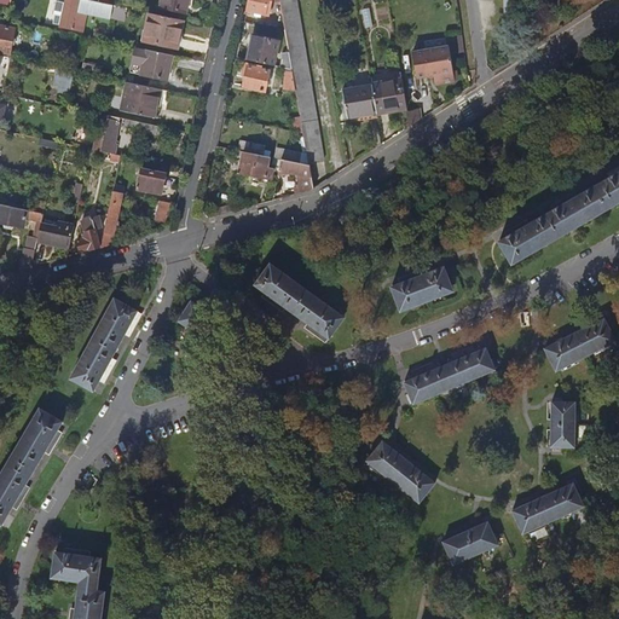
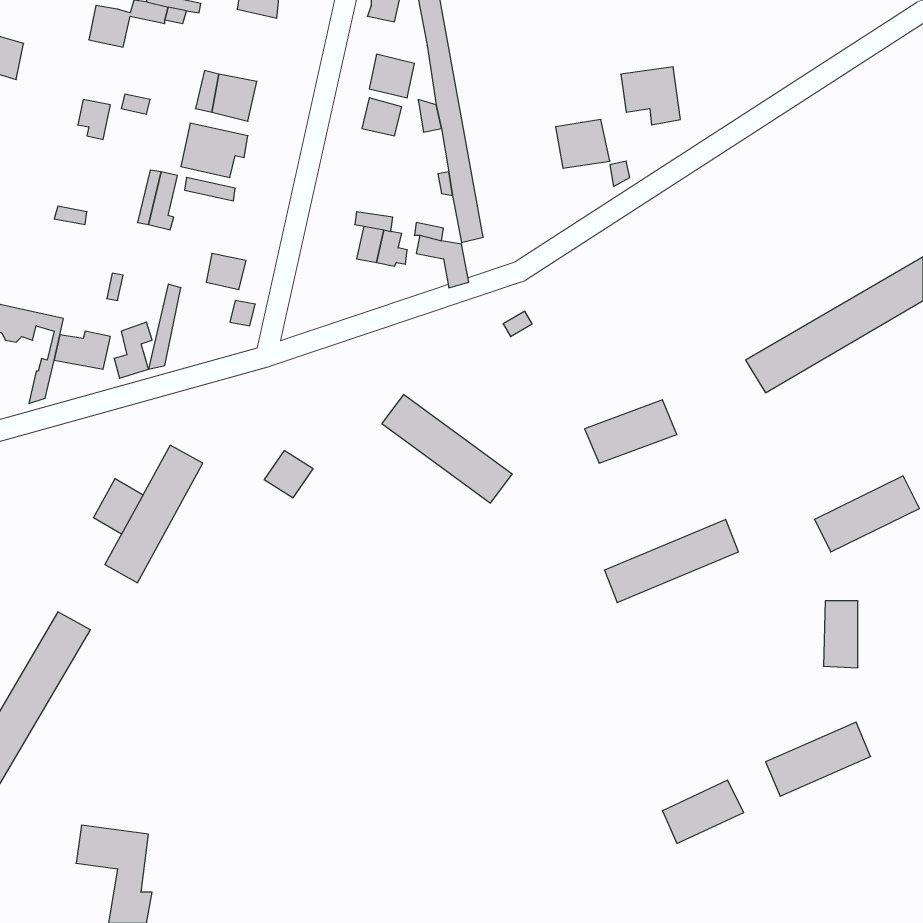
building: [141,12,183,48] -> none
building: [342,83,377,123] -> none
building: none -> [94,478,143,534]
building: [366,440,433,502] -> none

